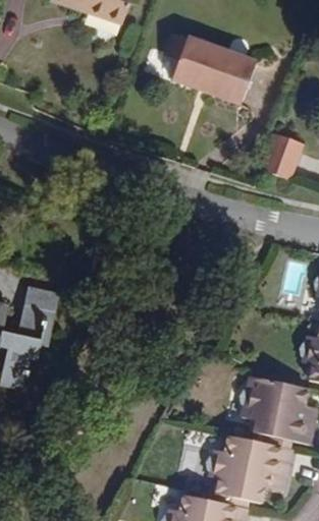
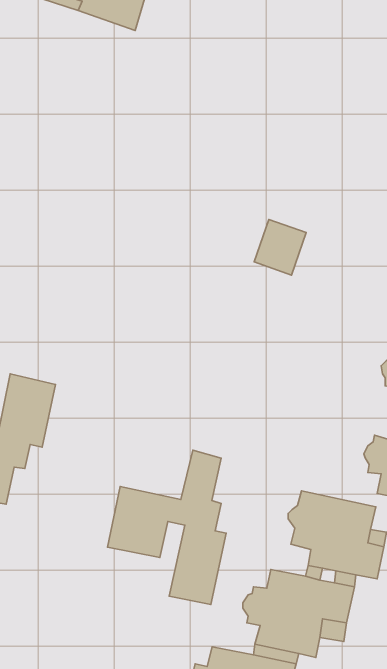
building: [165,33,256,104] -> none
building: [260,135,300,178] -> [254,219,306,275]
building: none -> [108,450,226,604]

